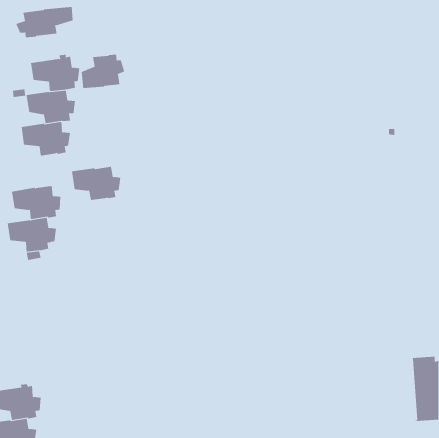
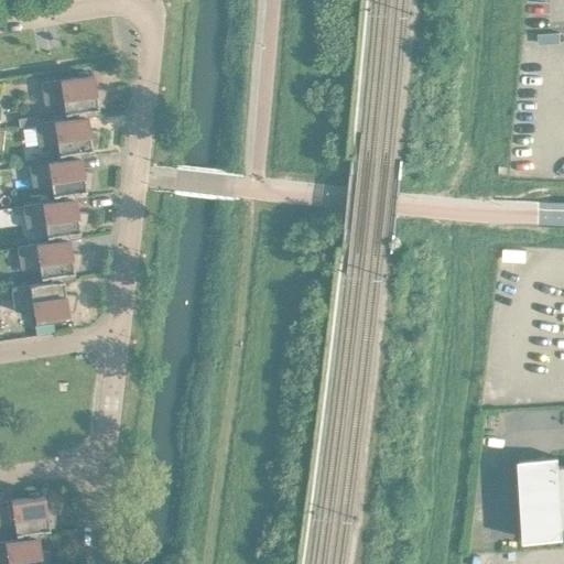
building: [16,6,73,38] -> none
building: [81,54,125,89] -> none
building: [71,166,121,201] -> [21,199,85,243]

